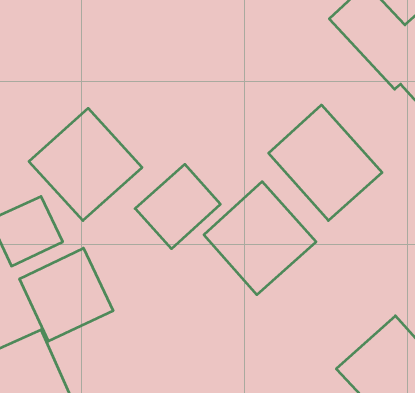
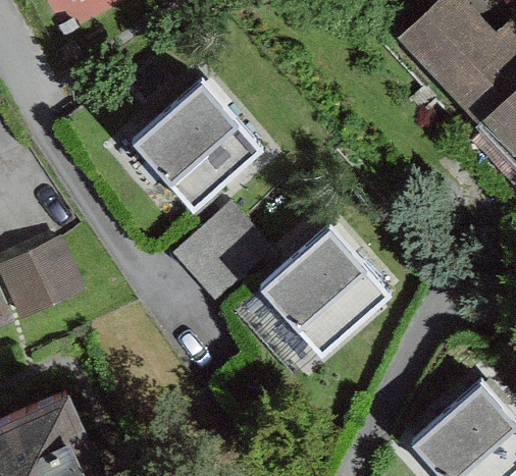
building: [269,105,382,221] -> none
building: [29,108,142,221] -> [130,78,262,210]
building: [20,248,113,341] -> none

